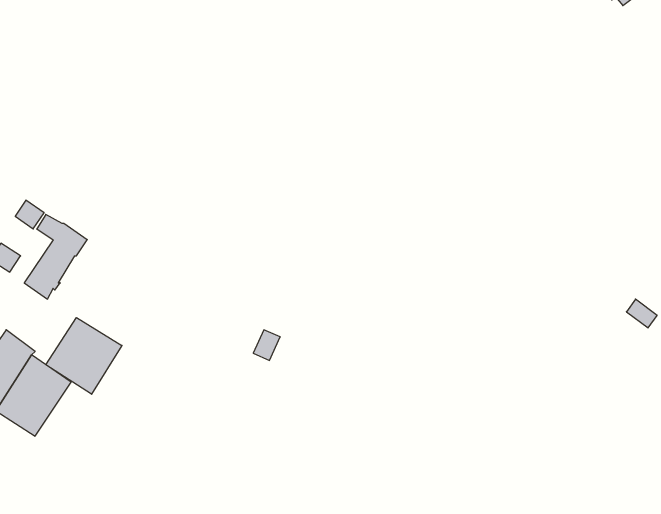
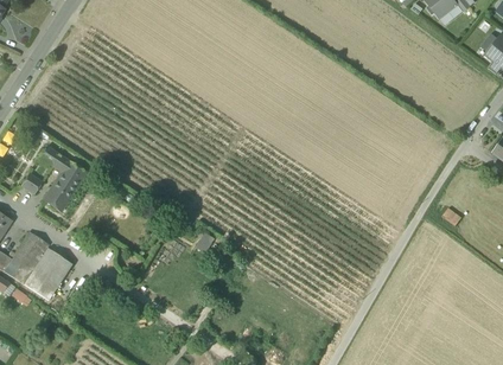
building: [46,318,122,394] -> none

